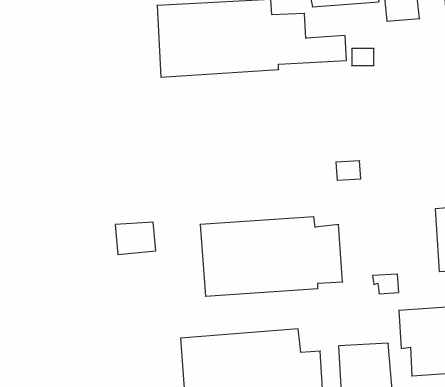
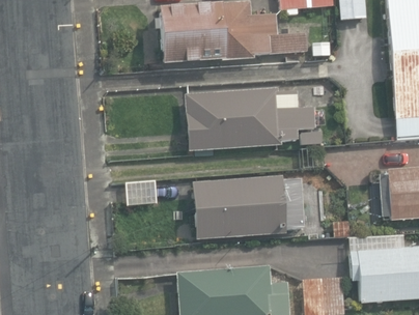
building: none -> [185,87,316,150]

